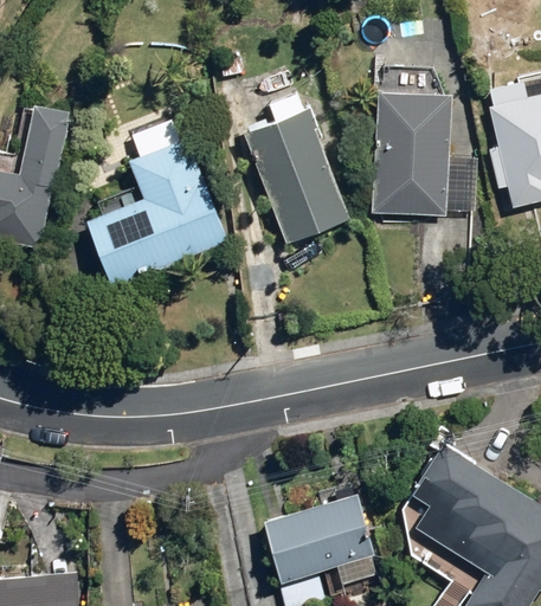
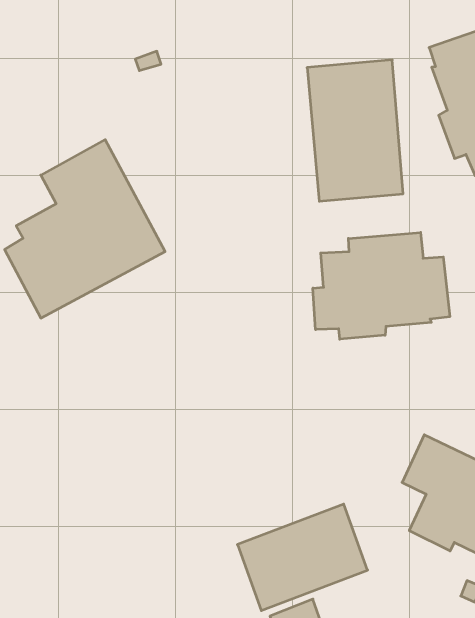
building: [243,92,350,246] -> none
building: none -> [313,232,450,339]

